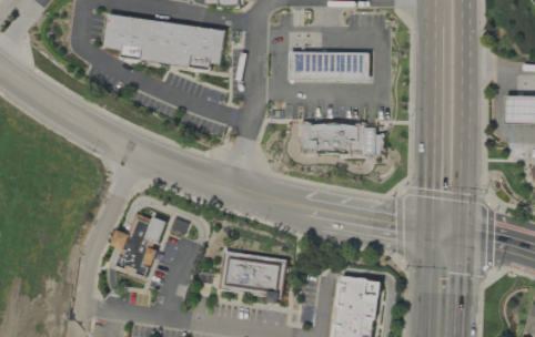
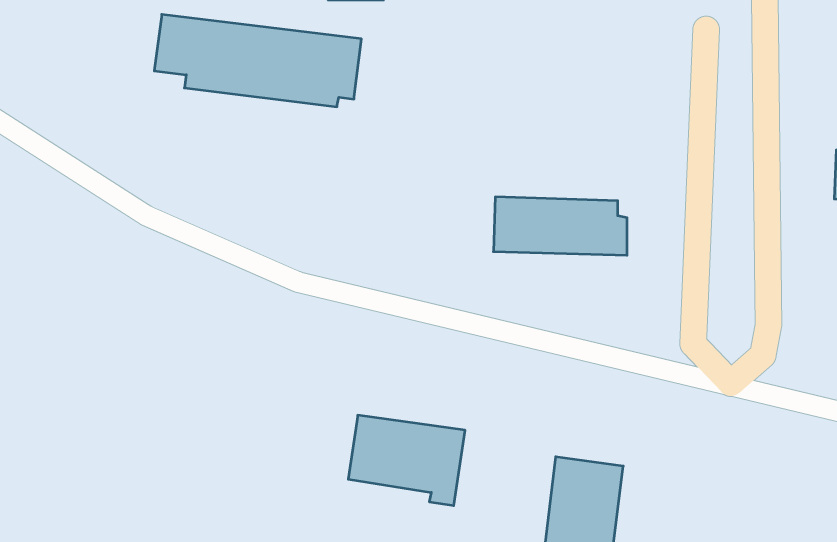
building: [289,51,370,80] -> none
building: [111,211,165,277] -> none

